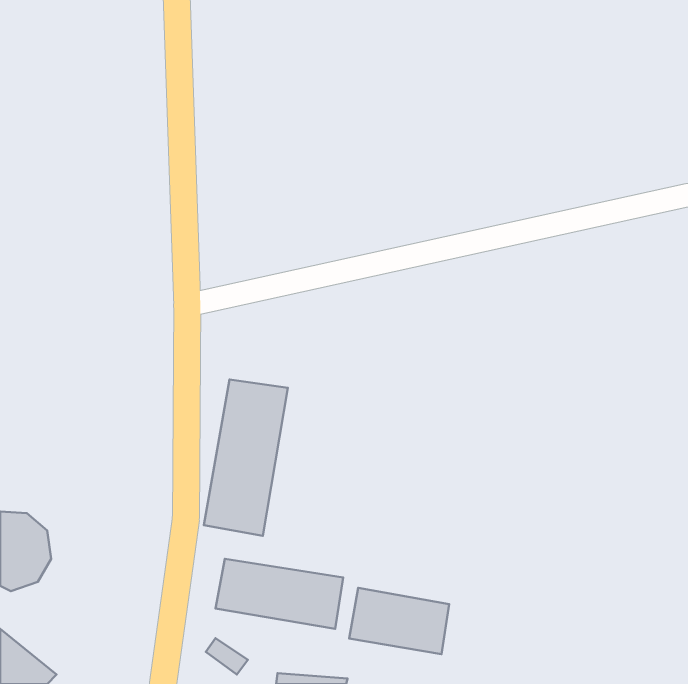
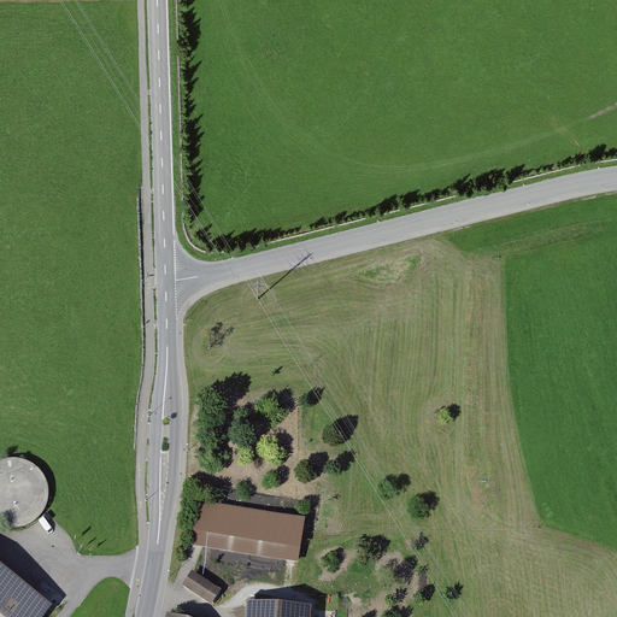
building: [204,379,288,536] -> none
building: [349,588,449,654] -> none

